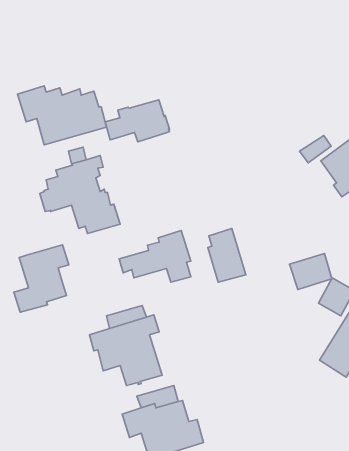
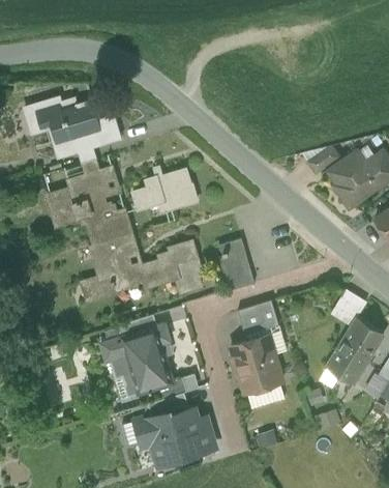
building: [105,100,169,142] -> [132,170,196,211]
building: [14,245,69,312] -> [84,234,138,300]
building: [290,254,332,289] -> [237,300,278,336]
building: none -> [231,335,282,393]

